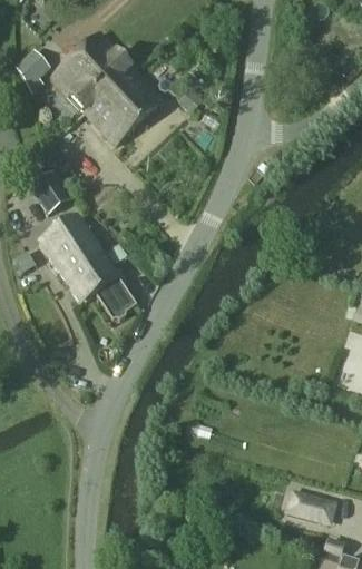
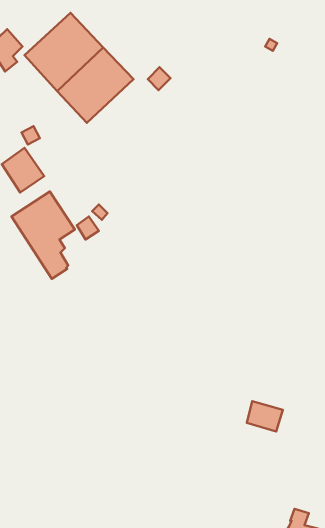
building: [88,254,137,320] -> none
building: [286,490,323,521] -> [247,401,283,432]

